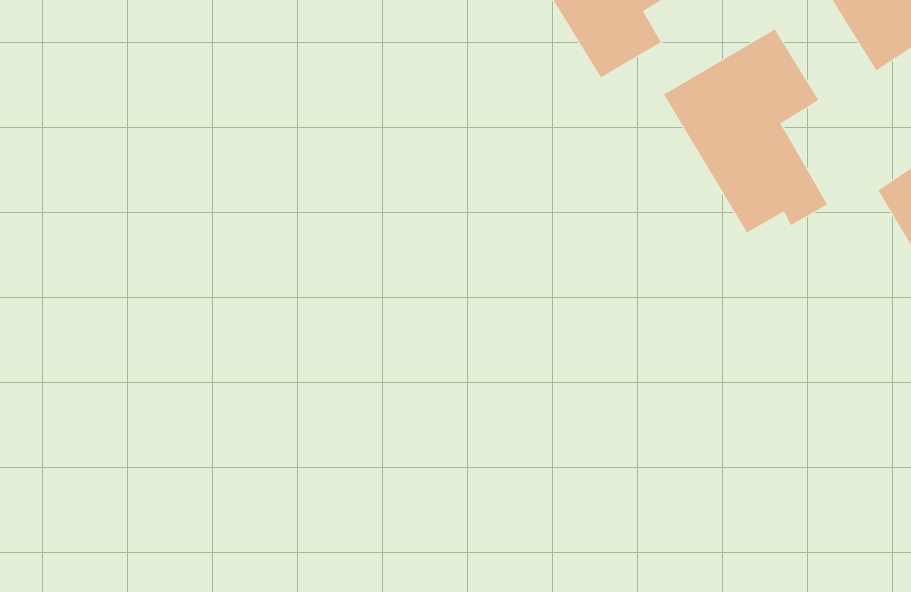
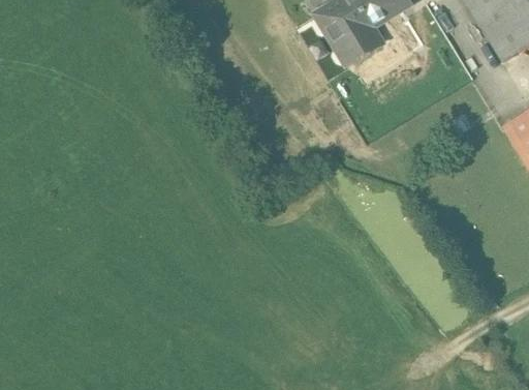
building: [663,29,828,233] -> none

